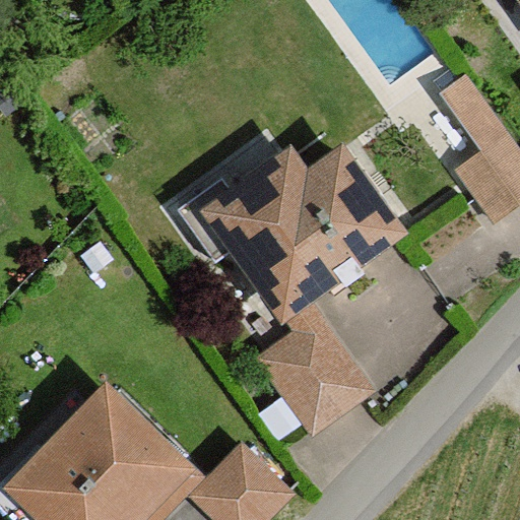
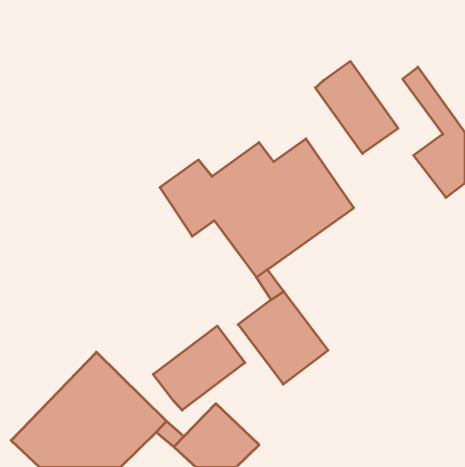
building: none -> [315,61,398,154]
building: none -> [153,326,245,410]

